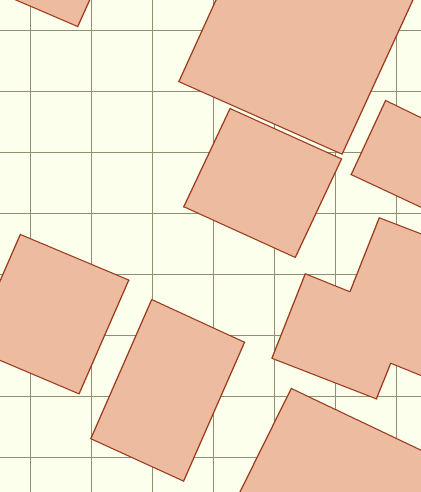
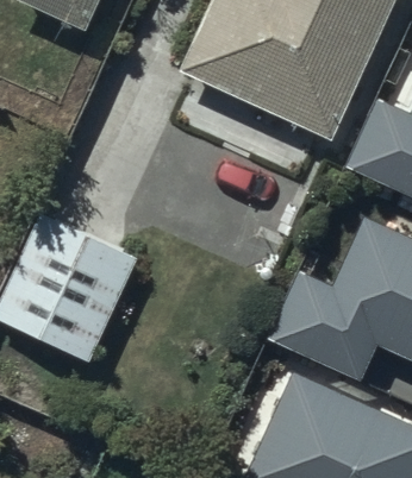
building: [184,108,342,257] -> none
building: [91,300,245,481] -> none

